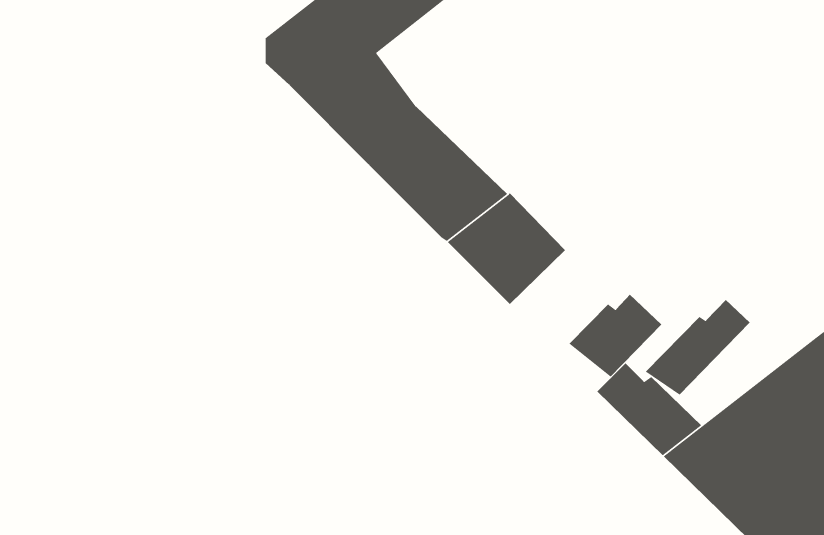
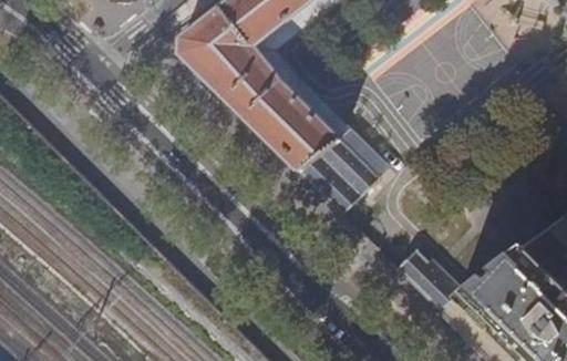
building: [569,294,662,377] -> none
building: [645,299,751,395] -> none

